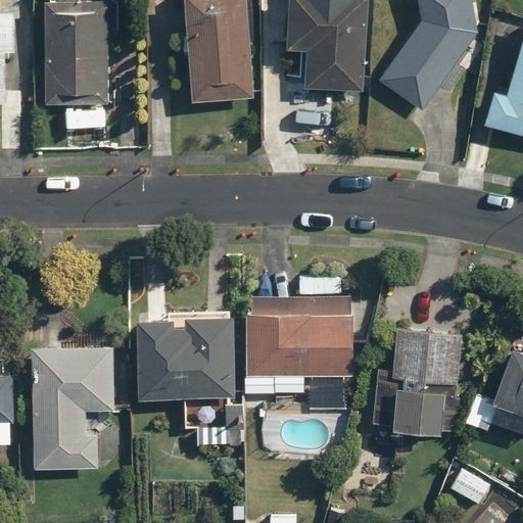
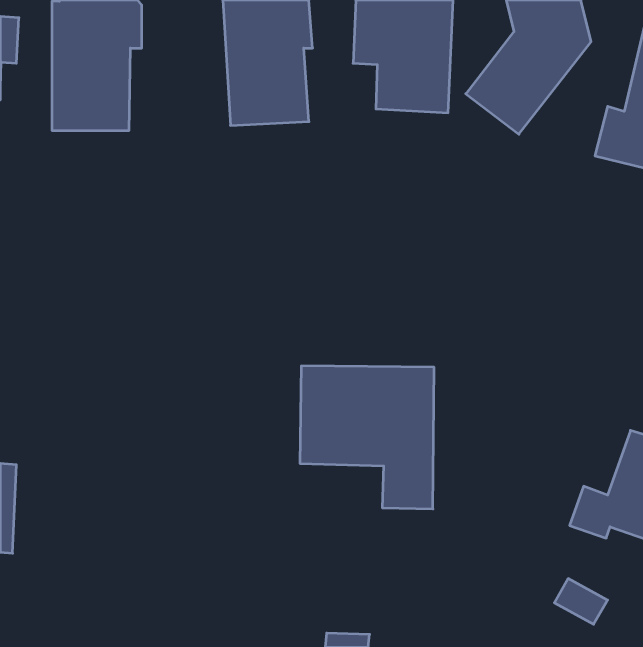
building: [134,318,244,426] -> none
building: [375,327,462,436] -> none
building: [31,343,115,469] -> none

